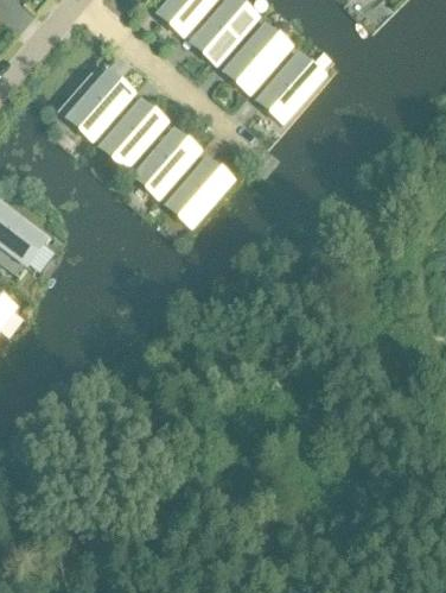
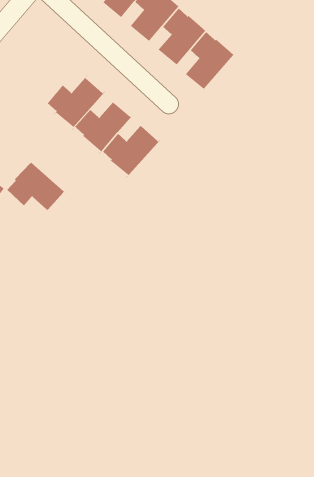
building: [58,72,133,139] -> none
building: none -> [7,160,67,213]

